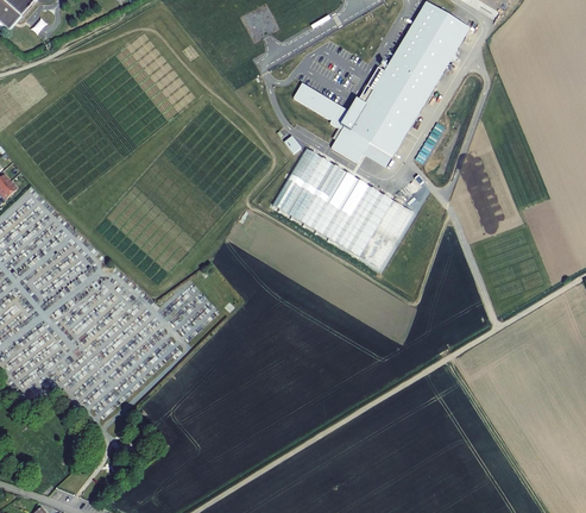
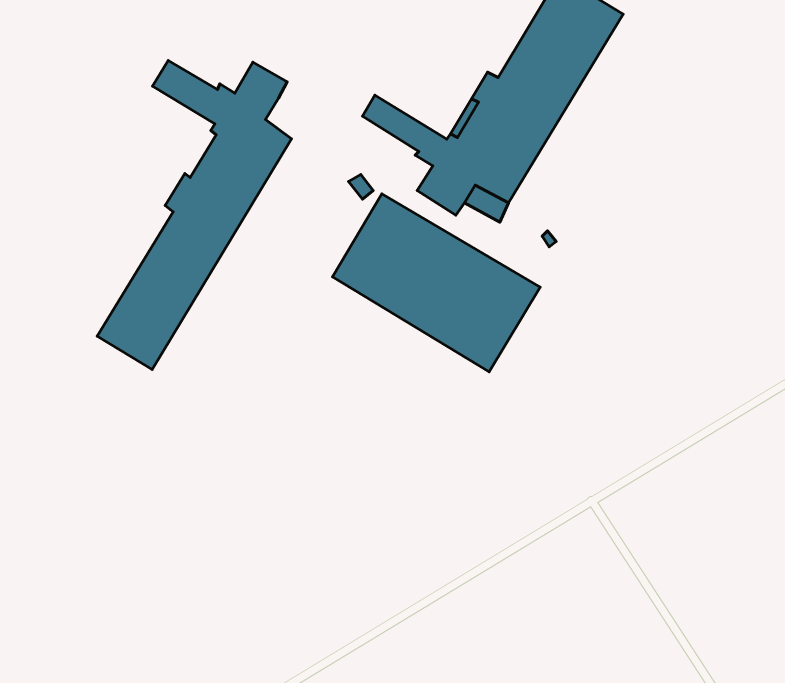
building: none -> [97,61,292,369]

